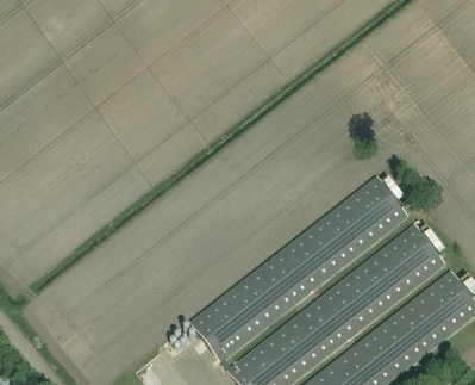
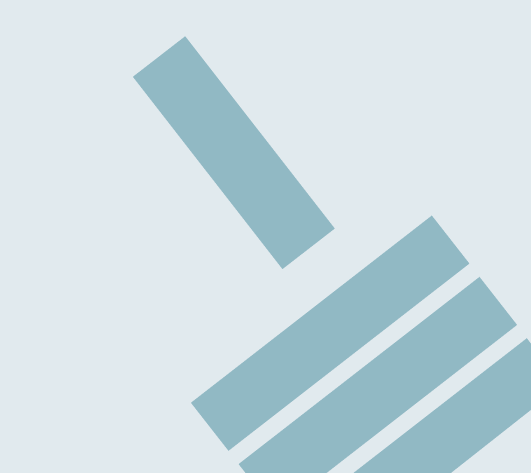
building: none -> [132,35,336,270]

